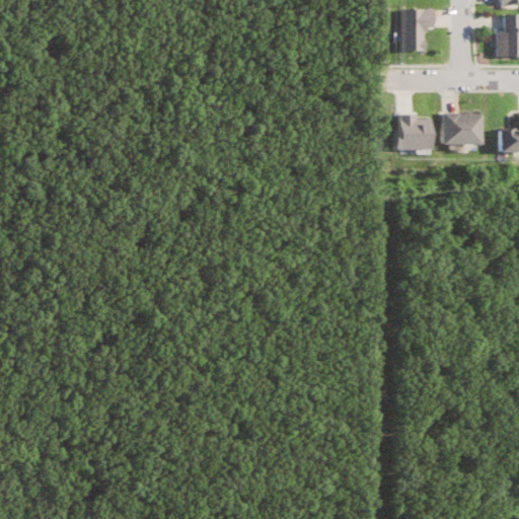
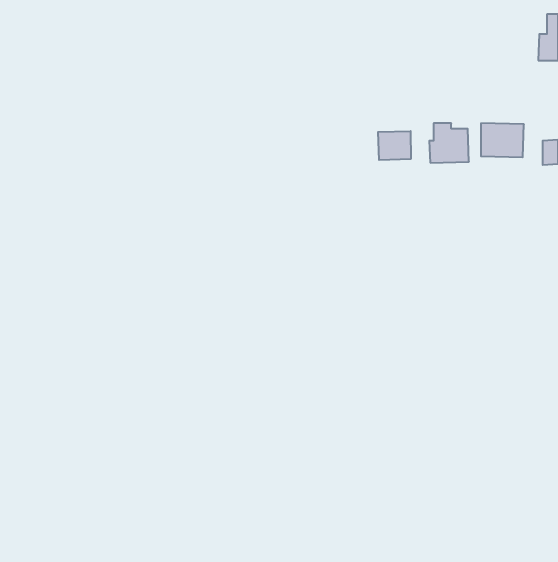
building: [402,9,435,51] -> none
building: none -> [378,131,411,160]

